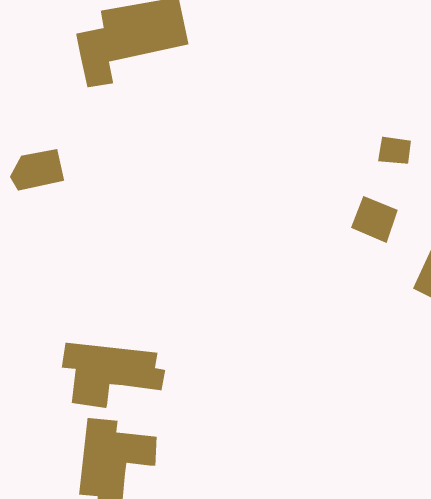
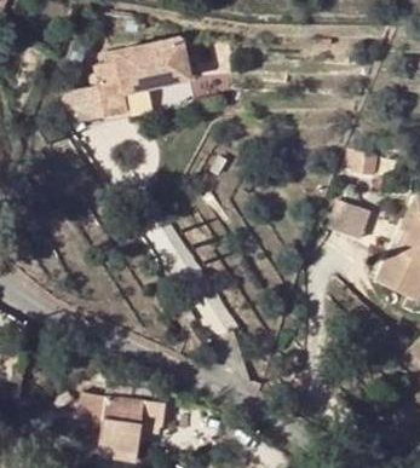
building: [9,148,65,191] -> [58,85,105,121]
building: [61,342,166,409] -> none

